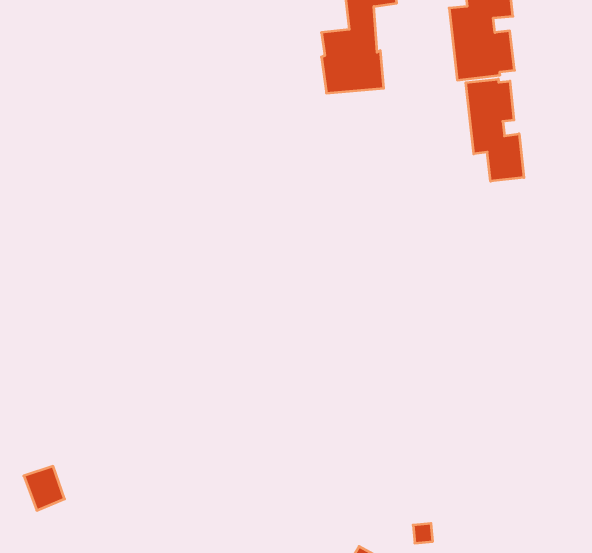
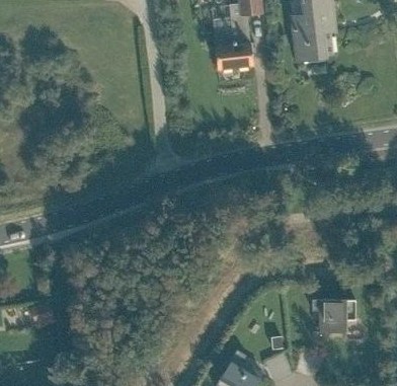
building: [466,79,524,181] -> none
building: none -> [312,300,355,333]

